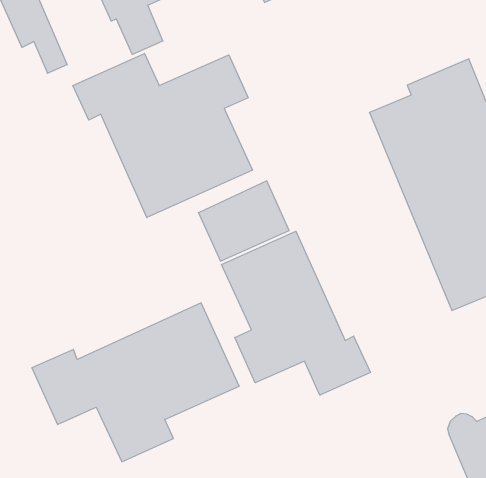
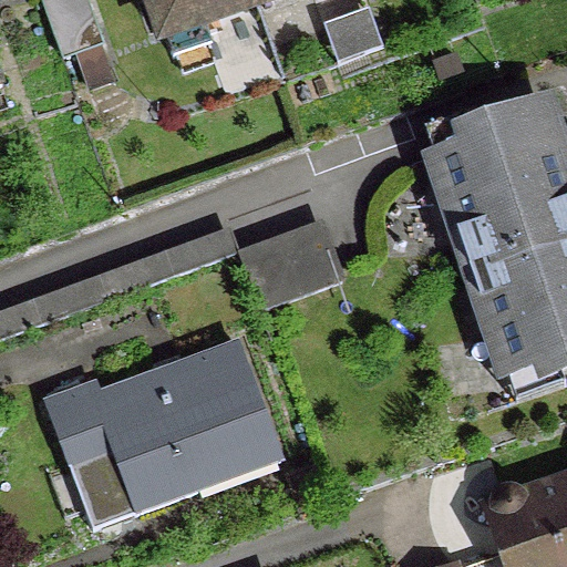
building: [73,53,252,218] -> none
building: [222,231,370,395] -> none

